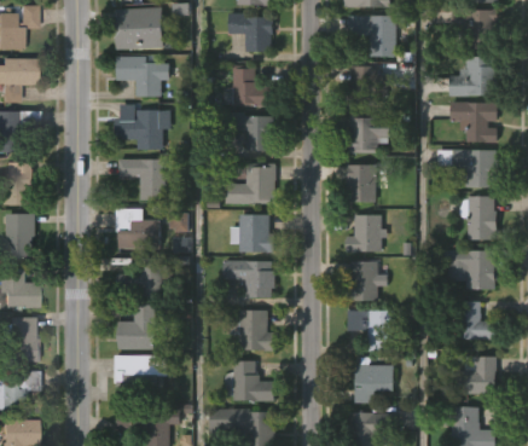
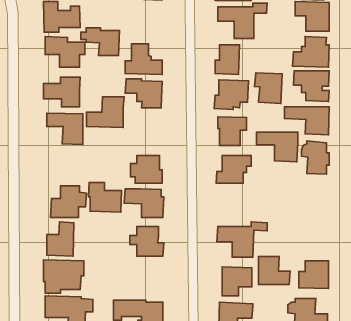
building: [221,13,273,51] -> [81,28,119,56]
building: none -> [255,73,282,104]
building: [225,163,275,204] -> [86,97,124,127]
building: [115,209,159,249] -> [88,182,122,212]
building: [441,250,497,290] -> [256,132,298,162]
building: [344,262,387,301] -> none
building: [454,302,497,340] -> [259,257,290,285]
building: [225,361,272,402] -> none

